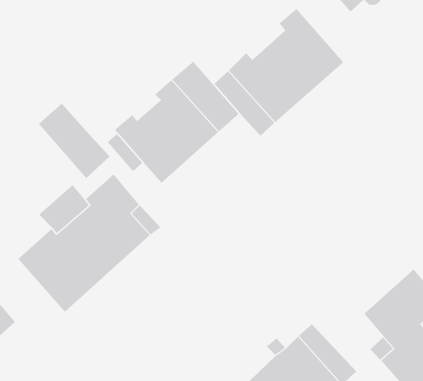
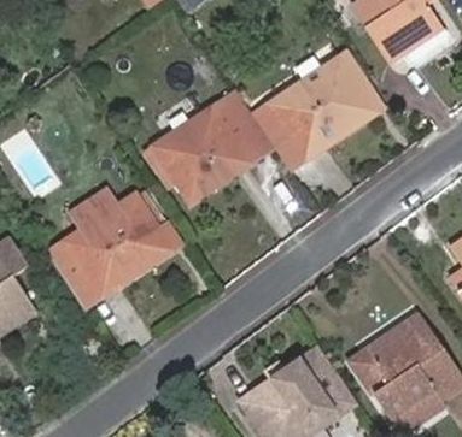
building: [38,103,110,179] -> none

